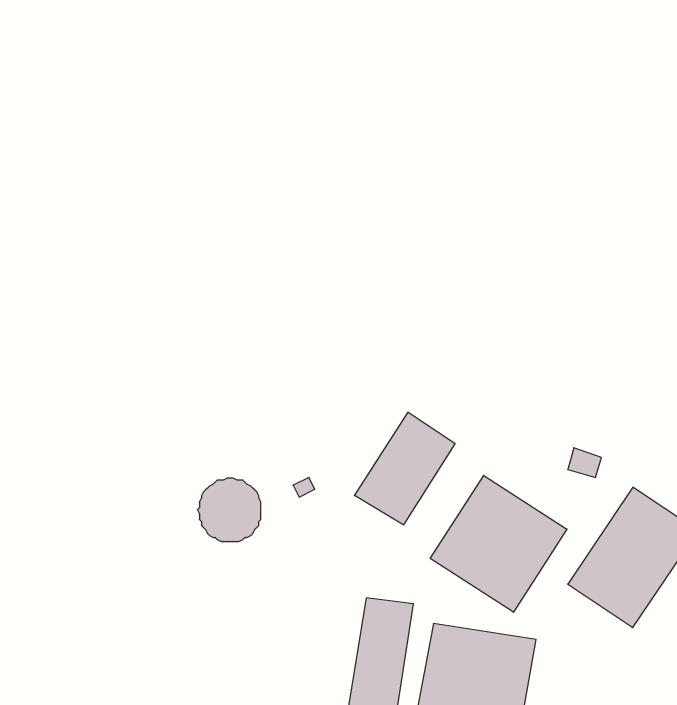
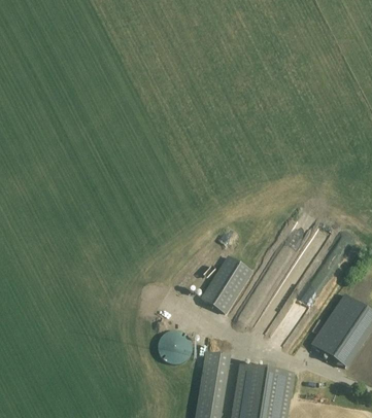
building: [430,475,567,612] -> none
building: [197,478,261,541] -> [157,332,190,364]

